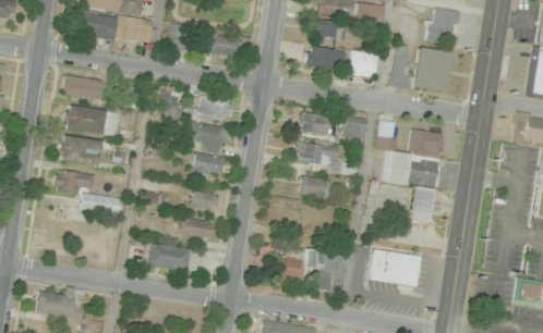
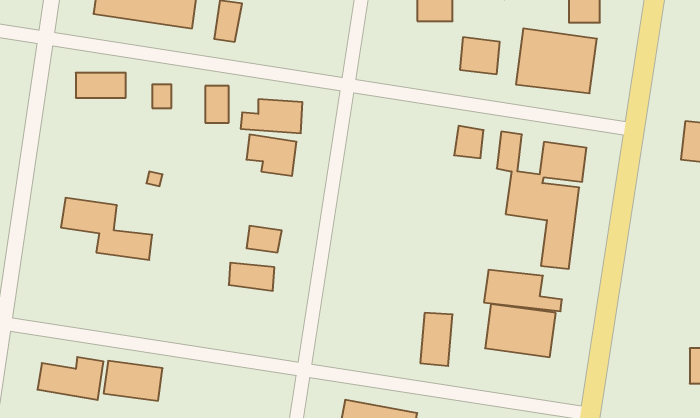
building: [209,36,242,59] -> none
building: [306,48,347,72] -> none
building: [65,106,120,136] -> none
building: [302,113,330,135] -> none
building: [61,136,104,165] -> none
building: [298,143,355,173] -> [484,270,562,311]
building: [192,153,226,183] -> none
building: [301,176,331,197] -> none
building: [146,243,190,272] -> [104,361,163,401]
building: [275,249,315,281] -> none

